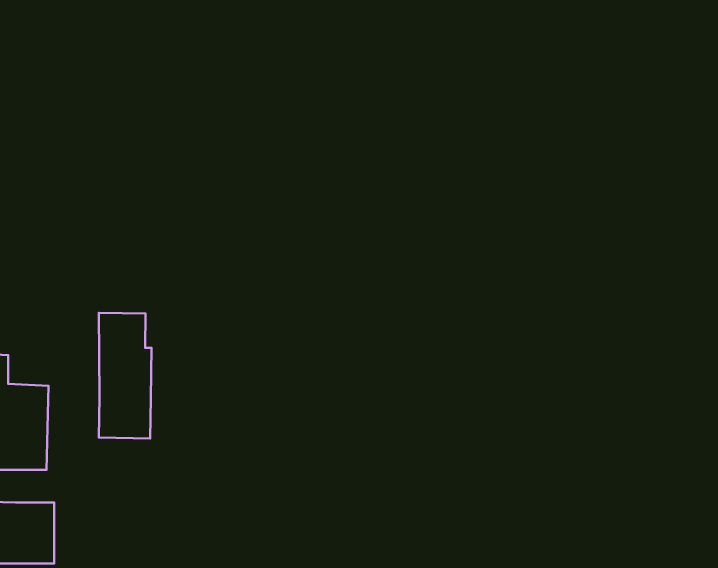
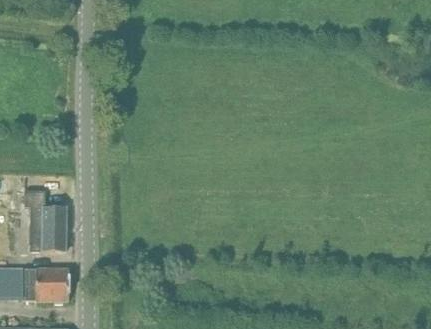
building: [99,313,151,439] -> none

